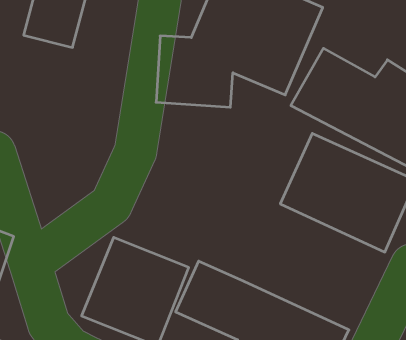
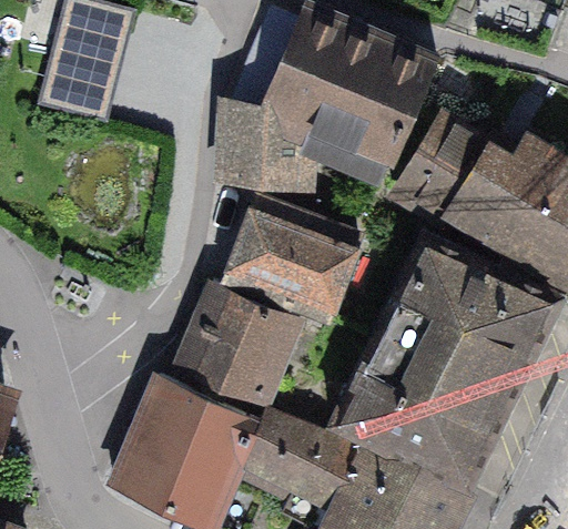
building: none -> [222,205,363,322]
building: none -> [166,279,304,413]
building: none -> [335,332,526,502]

